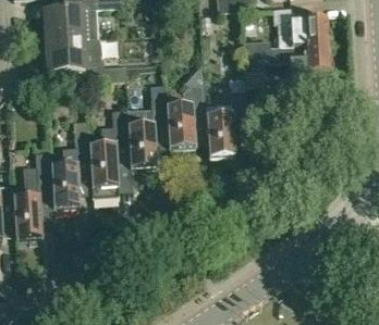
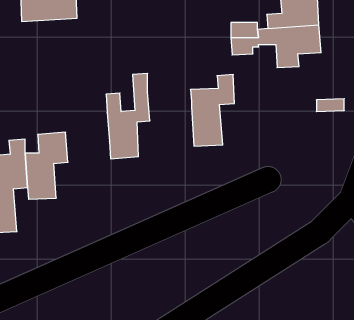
building: [47,36,126,80] -> none
building: [166,61,207,148] -> none
building: [88,107,130,197] -> none

